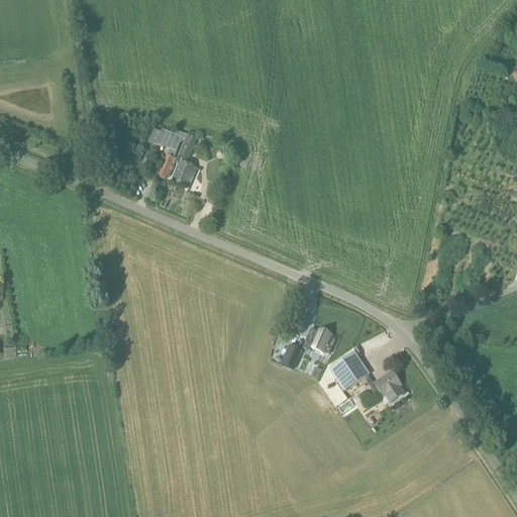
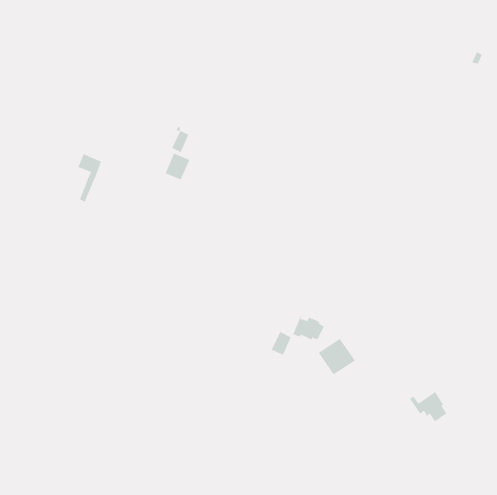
building: [158,127,183,178] -> [77,154,102,202]
building: [366,370,405,402] -> [409,391,447,422]

